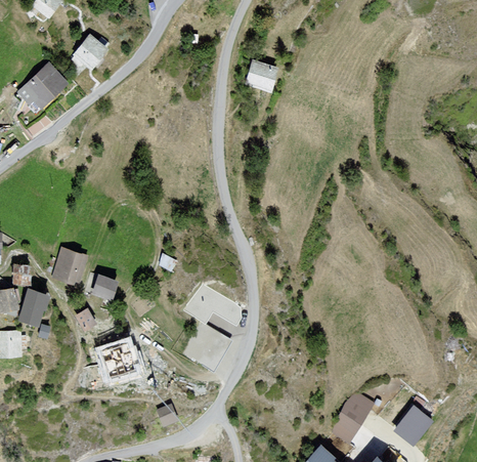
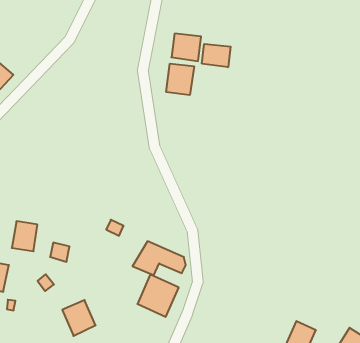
building: [79,36,112,69] -> none
building: none -> [202,44,231,67]
building: none -> [166,64,194,95]

